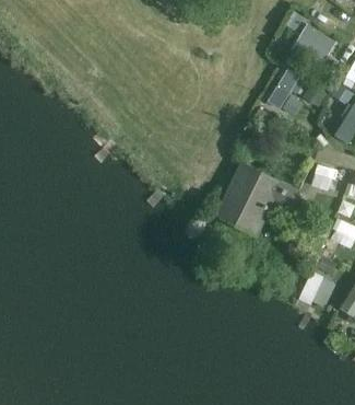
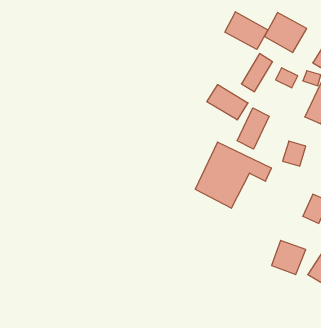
building: none -> [225,12,268,49]
building: none -> [207,85,248,120]
building: none -> [237,108,269,149]

